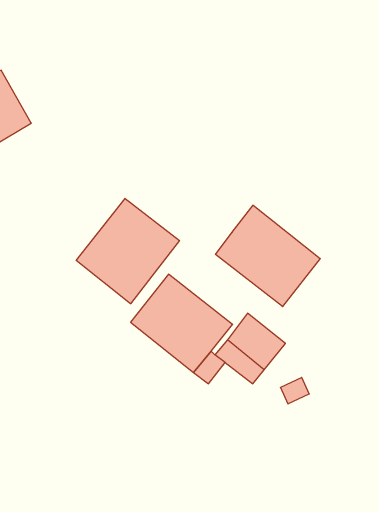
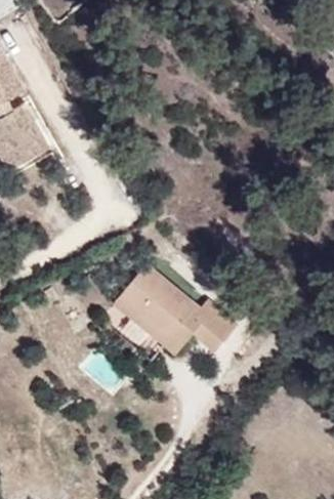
building: [76,198,179,304] -> none
building: [216,205,320,307] -> none

